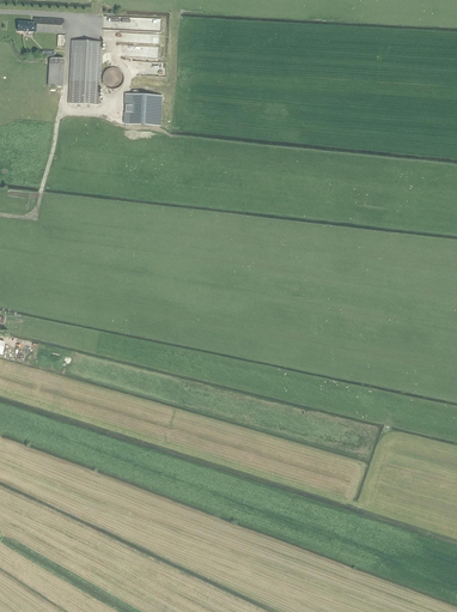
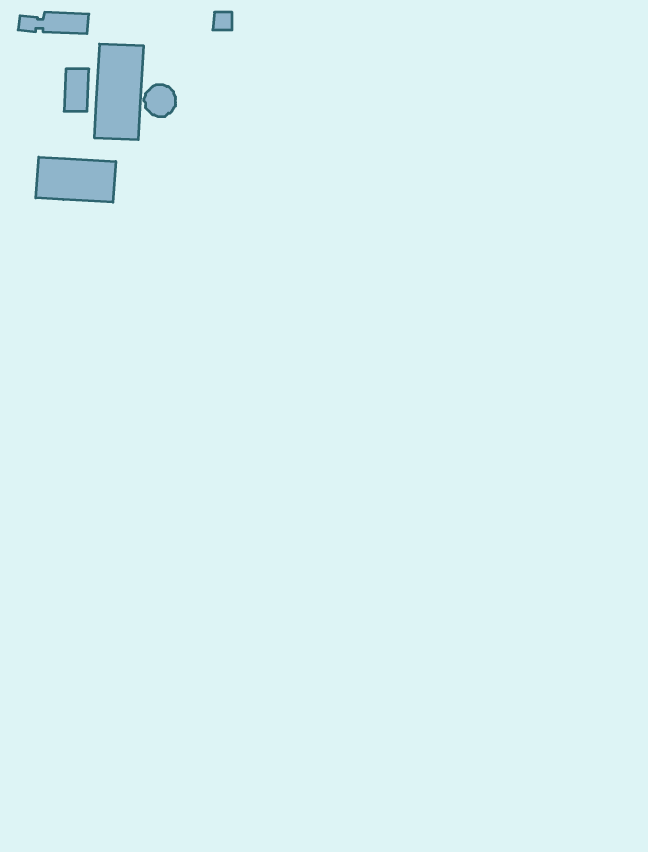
building: [123,92,160,123] -> none
building: none -> [36,157,116,202]

